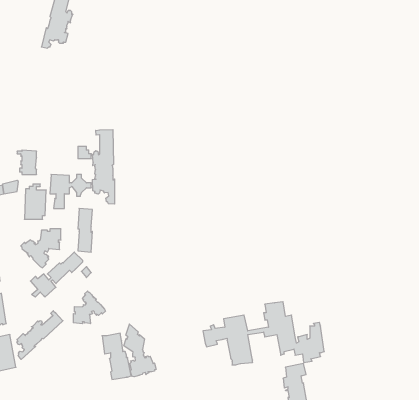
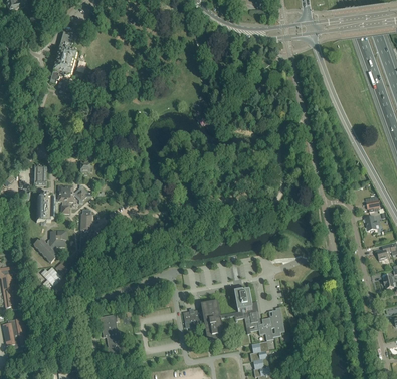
building: [92,130,114,204] -> none
building: [73,291,105,324] -> none
building: [17,311,63,359] -> none
building: [124,324,156,377] -> none

